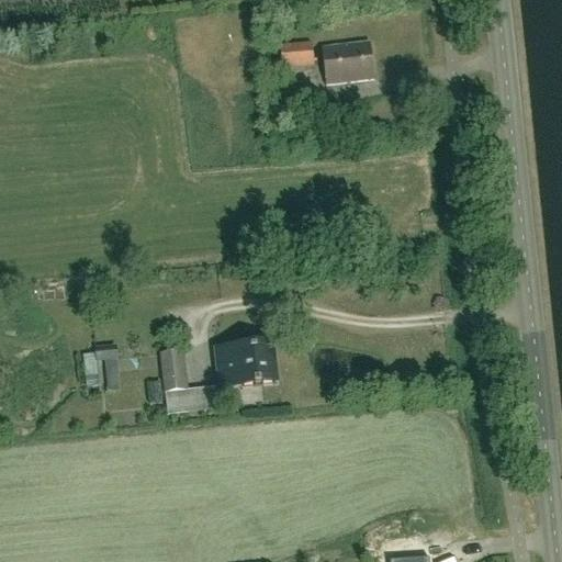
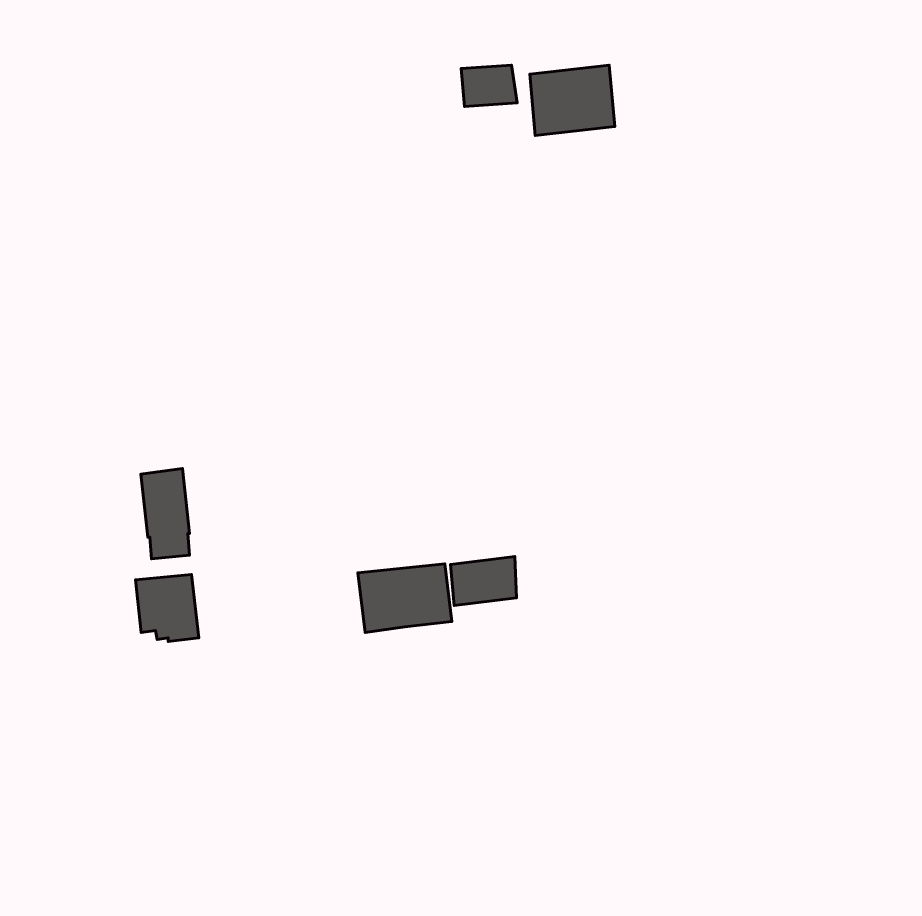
building: none -> [450,557,516,605]
building: [160,348,190,403] -> [141,469,190,559]

